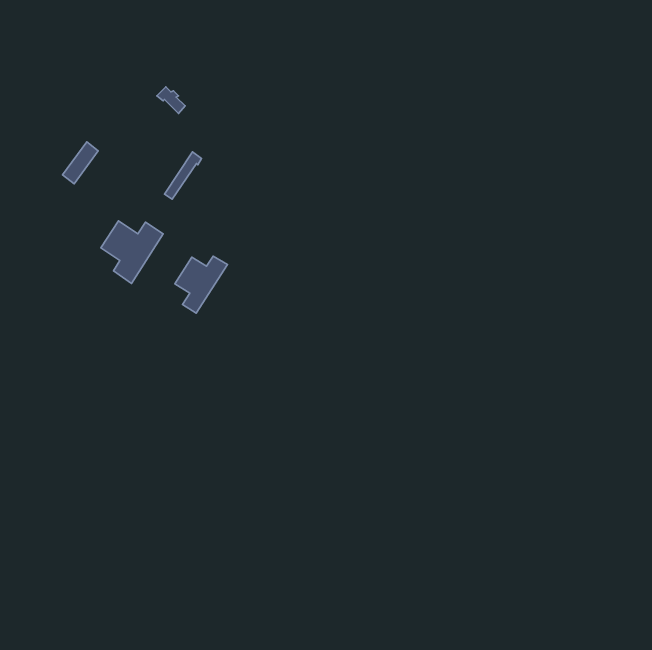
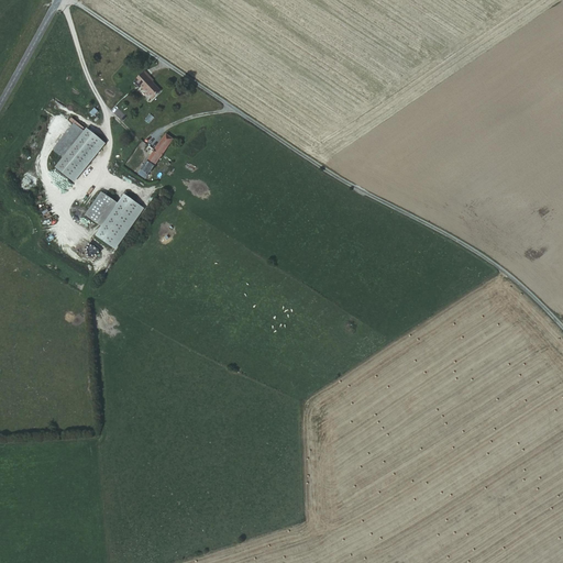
building: none -> [57,129,102,179]
building: [175,256,228,313] -> none

